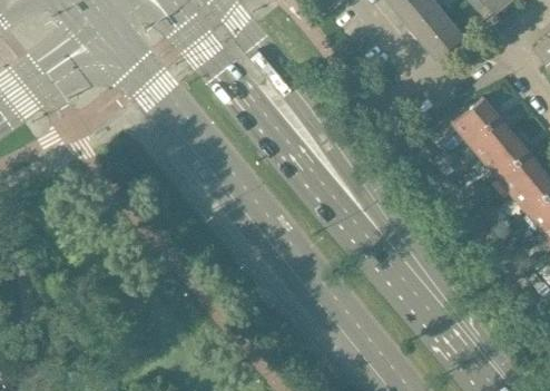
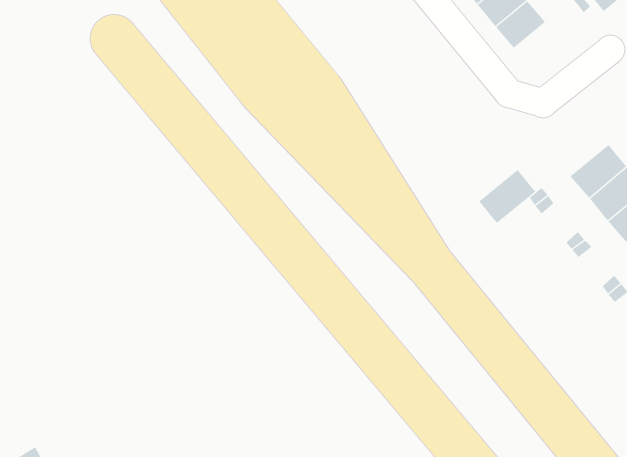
building: [423,20,463,60] -> none
building: [453,99,499,143] -> [478,169,536,224]

